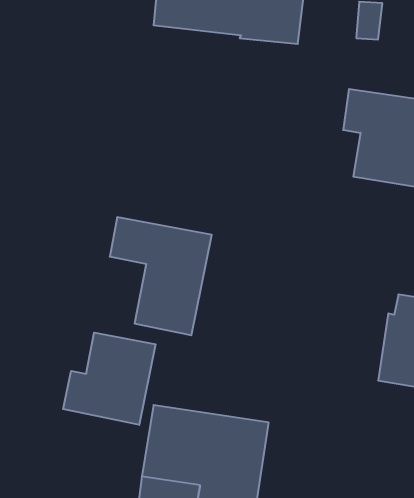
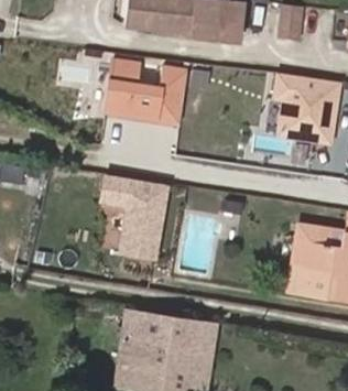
building: none -> [101,59,188,131]
building: [63,333,156,425] -> none

